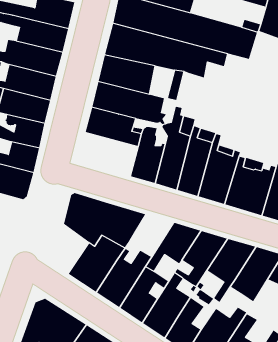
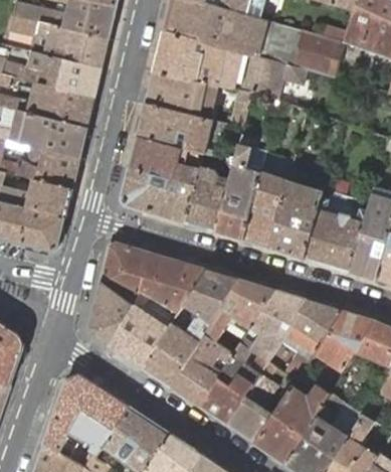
building: none -> [121,167,194,222]
building: none -> [183,270,238,323]
building: none -> [88,282,133,344]

